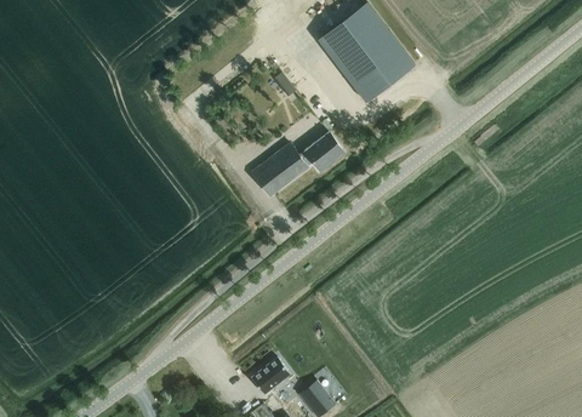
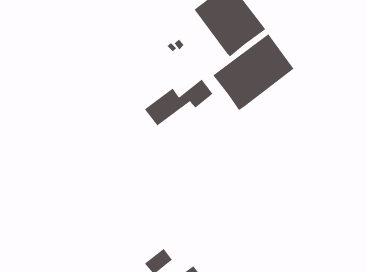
building: none -> [213,33,295,111]

